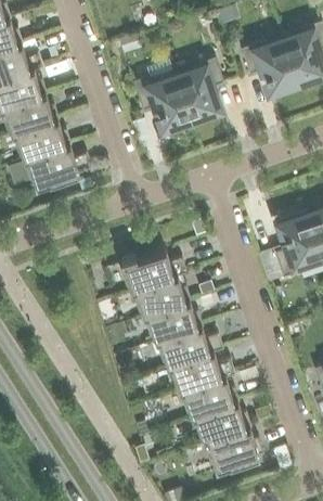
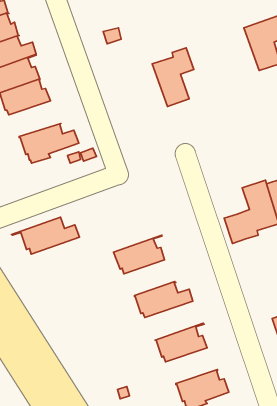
building: [241,35,300,98] -> none
building: [132,76,193,134] -> none
building: [11,118,70,159] -> none
building: [108,249,186,292] -> [11,217,79,254]
building: [143,300,202,342] -> none
building: [167,348,234,393] -> none
building: [191,401,250,442] -> none

